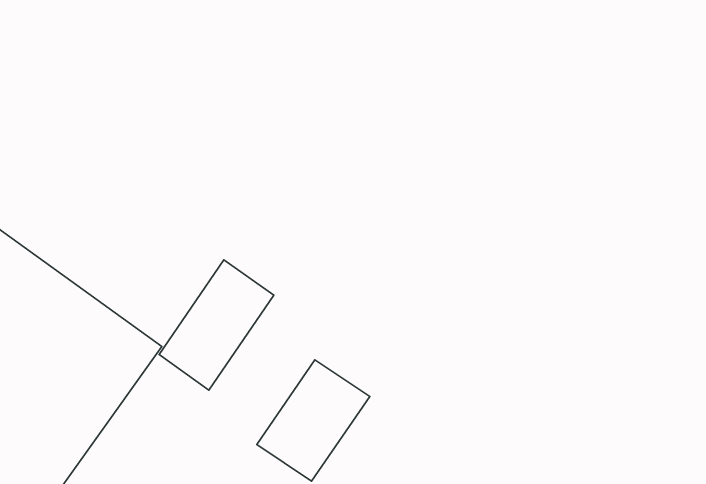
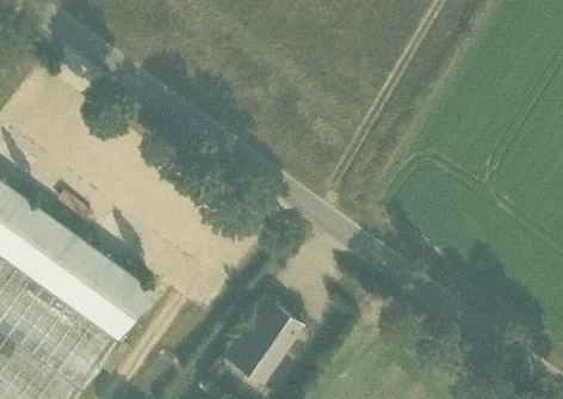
building: [159,260,274,390] -> none

